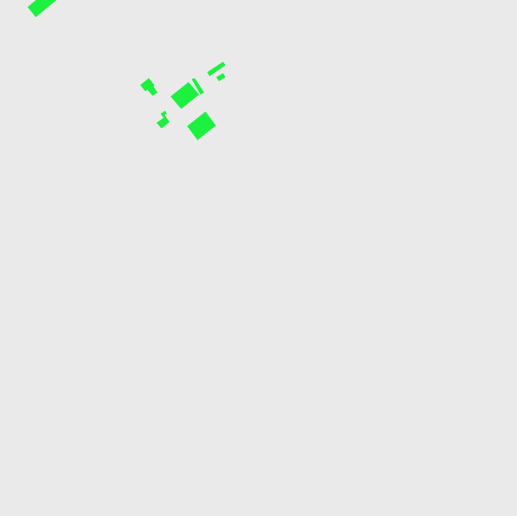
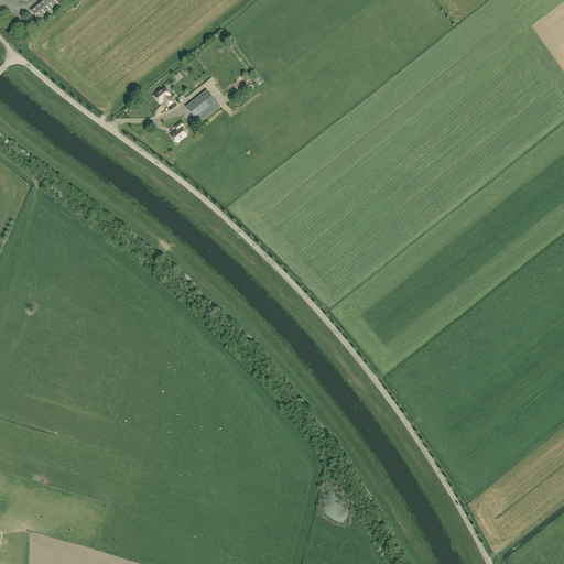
building: [186,111,217,141] -> none

